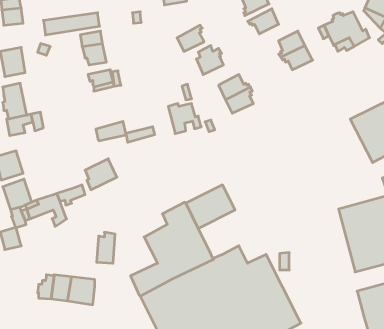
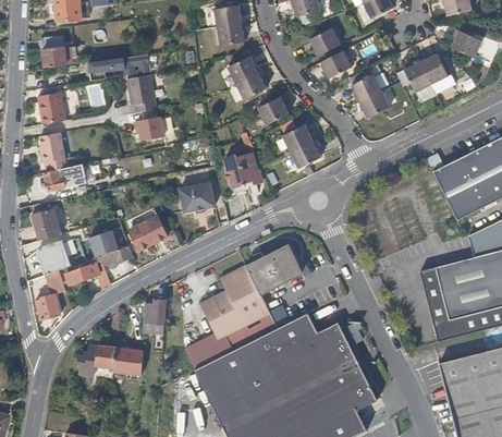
building: none -> [228,52,262,81]
building: [96,121,126,141] -> [181,190,215,211]
building: none -> [93,232,121,257]

